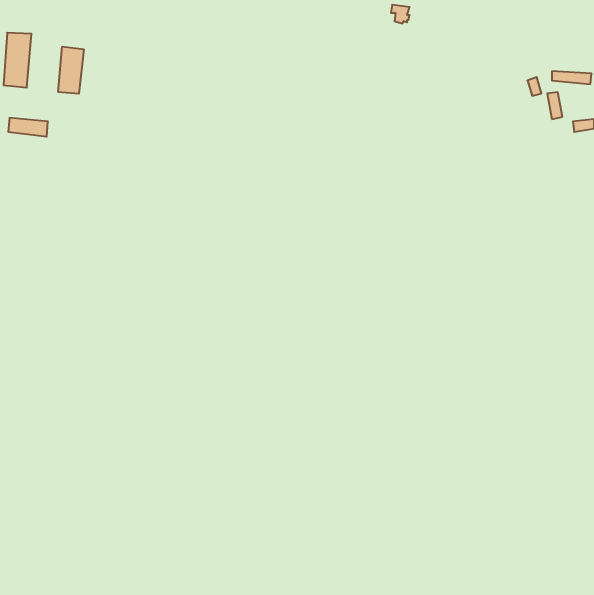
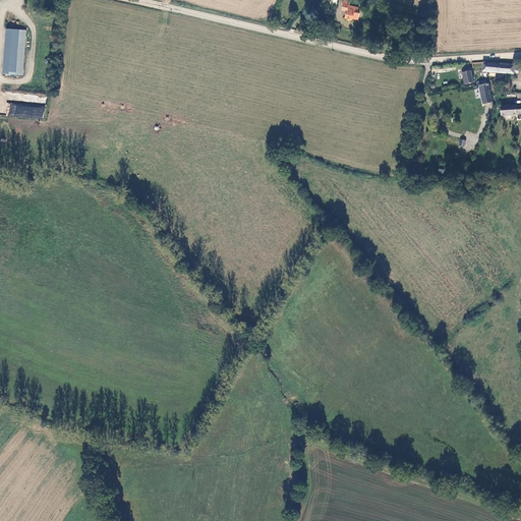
building: [58,47,84,94] -> none

